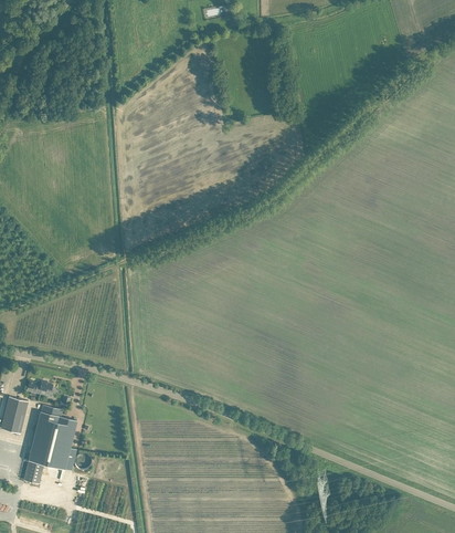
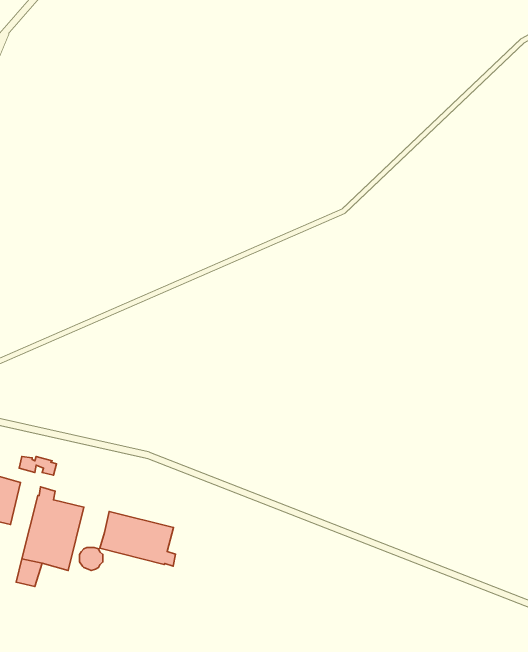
building: none -> [100,512,176,566]

